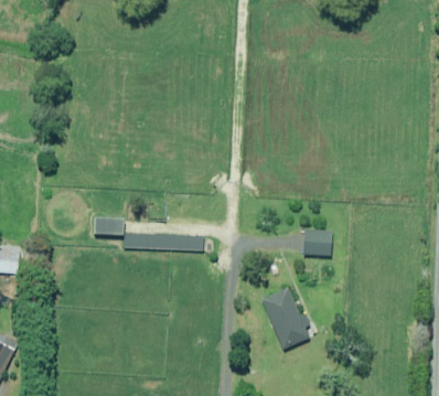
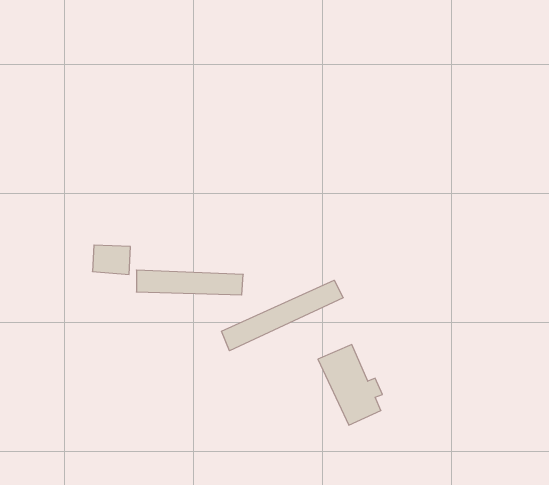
building: [301,231,333,256] -> none
building: none -> [222,280,343,351]

